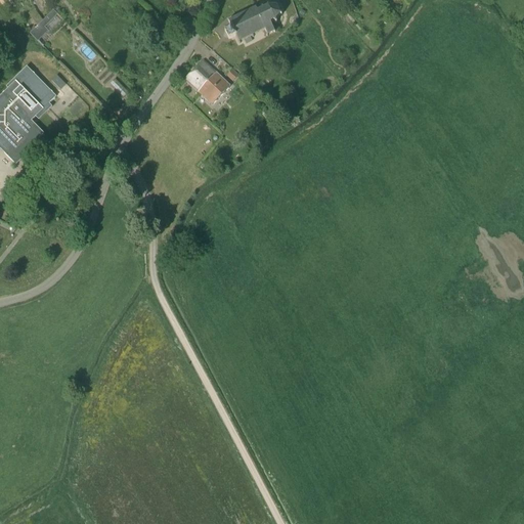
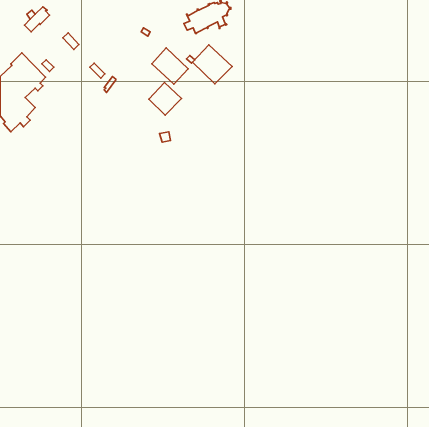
building: none -> [192,45,232,84]
building: none -> [149,83,182,115]

